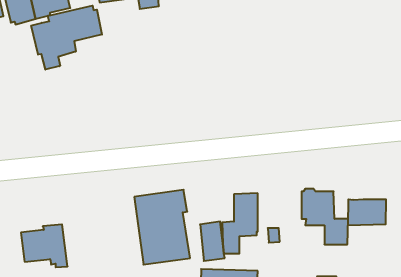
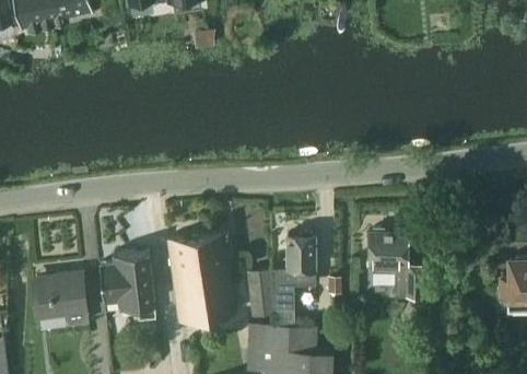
building: [31,6,102,70] -> none
building: [348,199,386,225] -> none
building: none -> [99,252,155,320]

